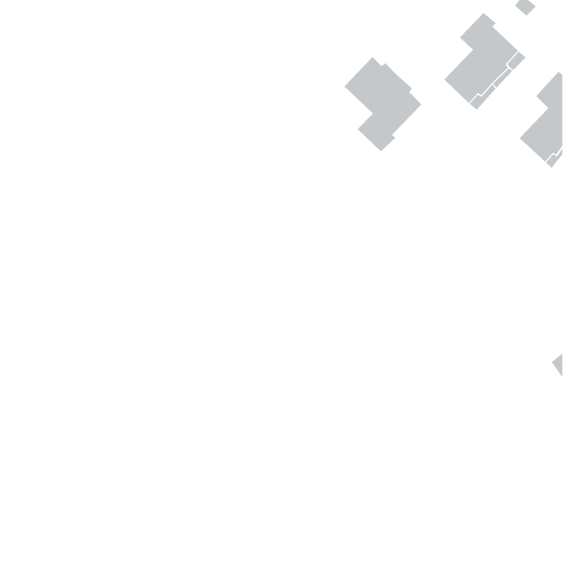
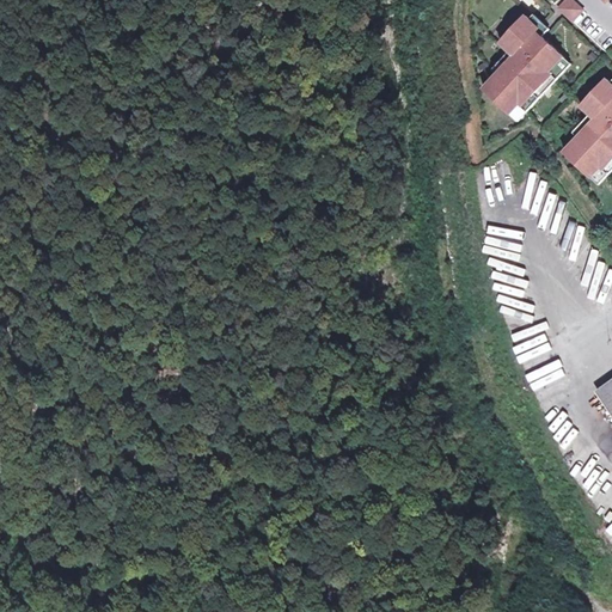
building: [343,56,422,152] -> none

